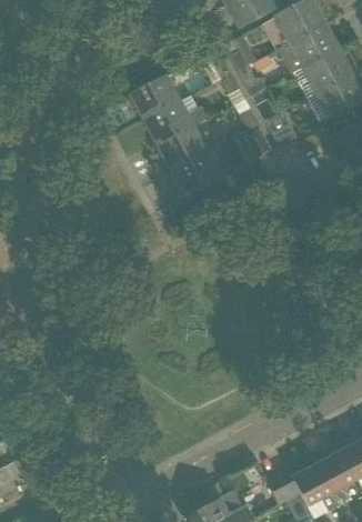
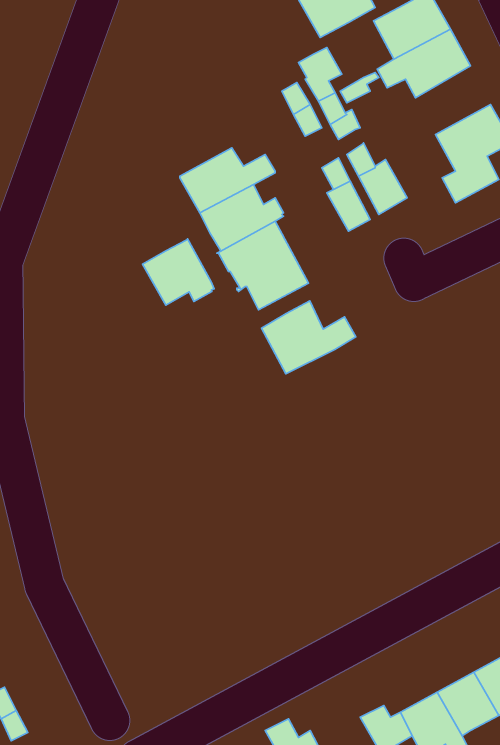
building: [301,47,351,92] -> none
building: [130,74,179,120] -> none
building: none -> [143,239,214,305]
building: none -> [261,301,356,374]

